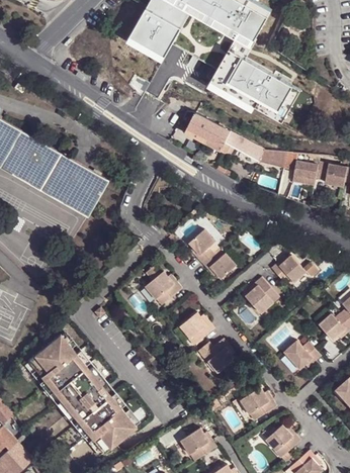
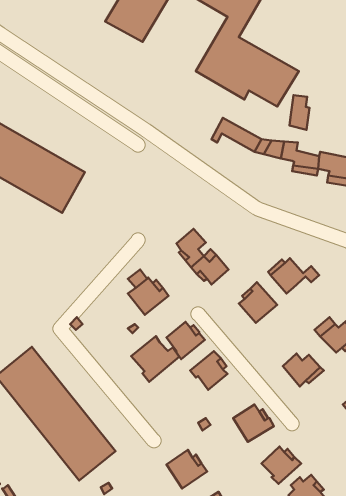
building: none -> [289,95,310,130]
building: [185,113,231,152] -> none
building: none -> [131,336,179,382]

